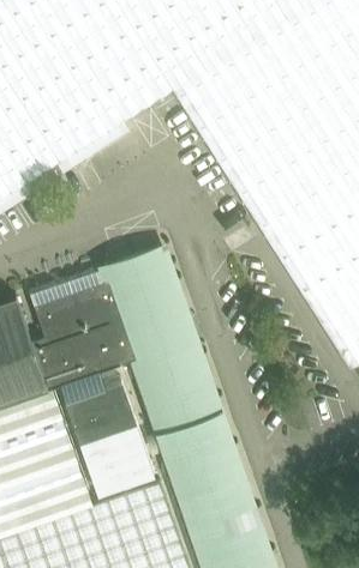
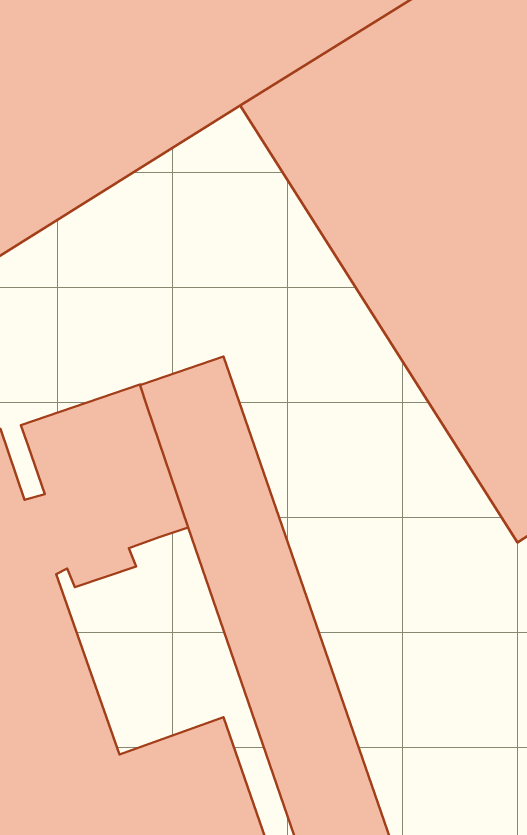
building: [65,380,155,494] -> none

